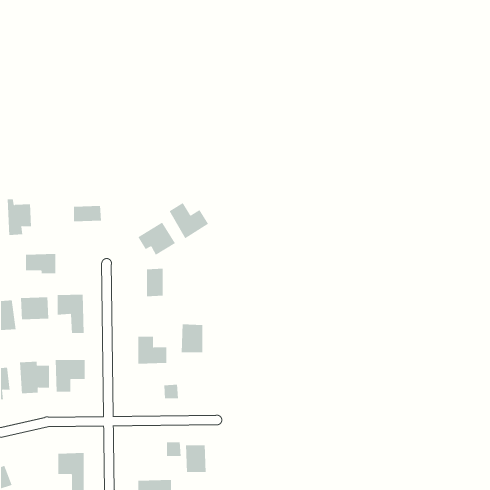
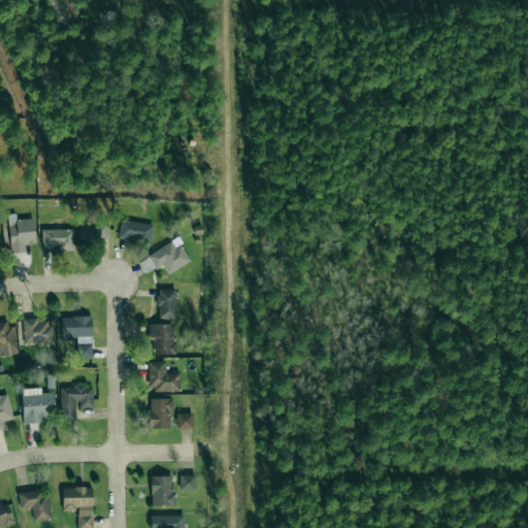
building: [169,202,209,239] -> none
building: none -> [119,221,154,242]
building: [25,254,56,274] -> [42,229,75,251]
building: [181,324,203,353] -> [151,324,174,355]
building: none -> [150,399,172,429]
building: [185,445,206,473] -> [151,476,173,506]
building: none -> [18,490,52,522]

